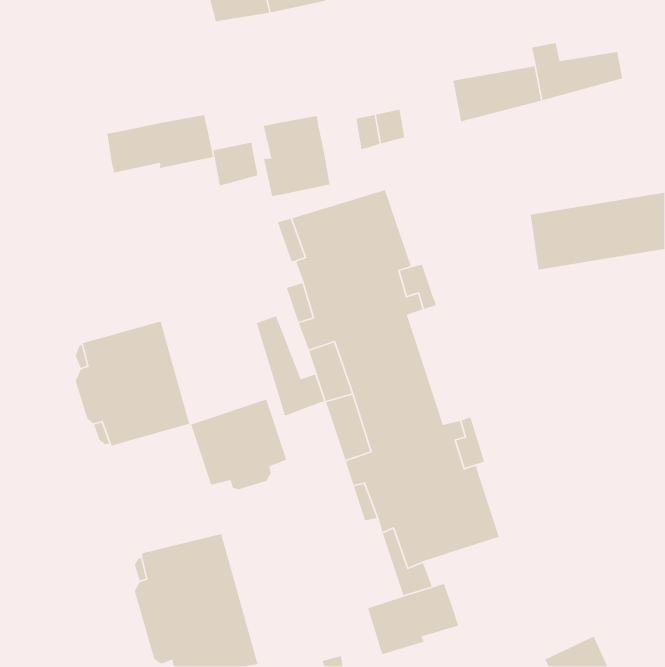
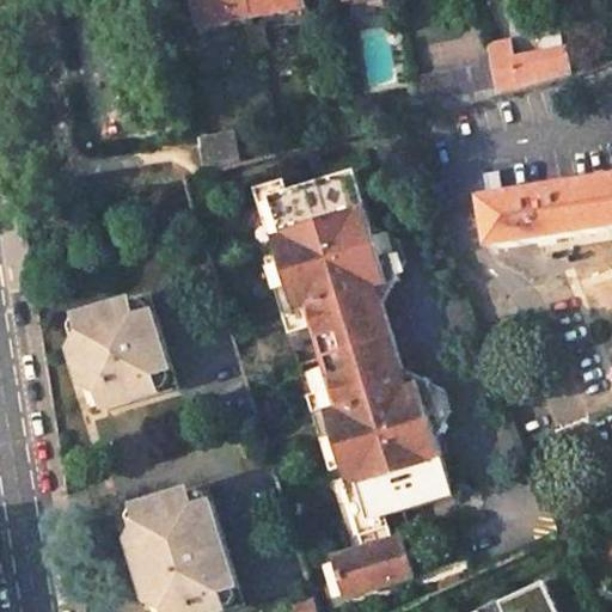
building: [107,114,214,174] -> none
building: [263,115,330,197] -> none
building: [256,315,325,417] -> none
building: [190,399,288,490] -> none

